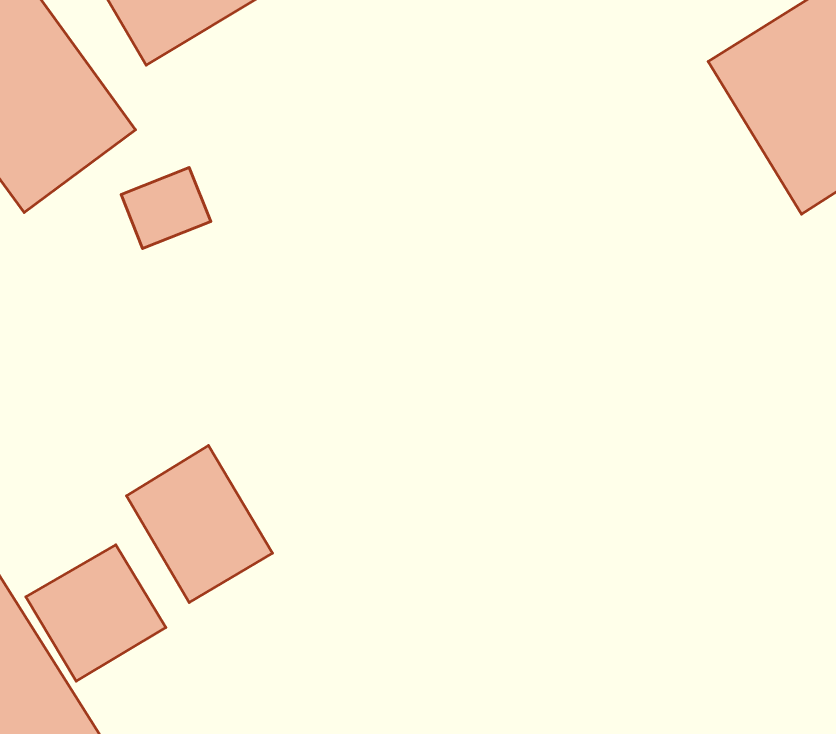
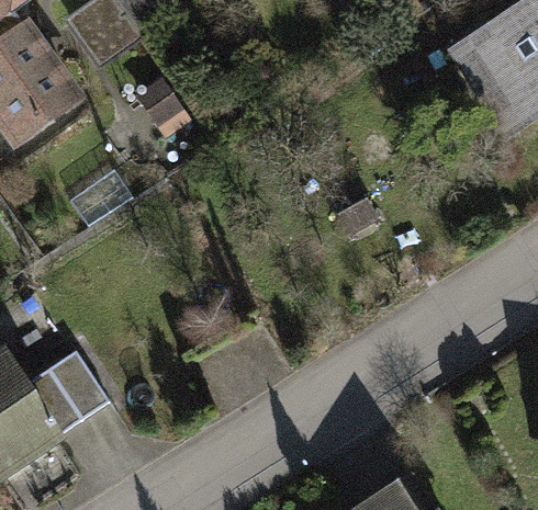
building: [127,445,273,603] -> none

